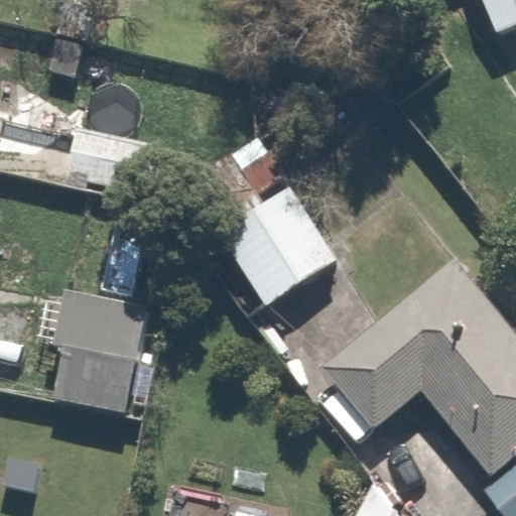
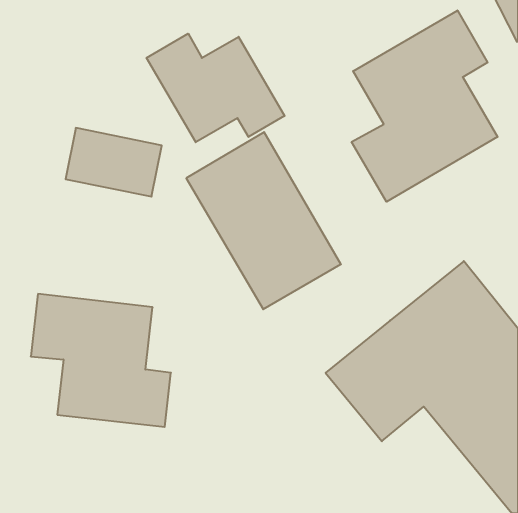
building: none -> [352,10,498,202]
building: none -> [147,34,285,142]

